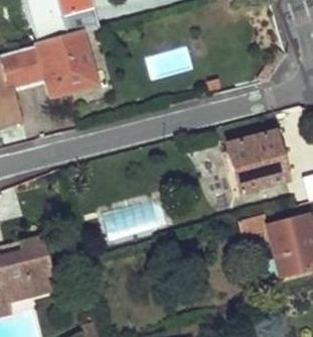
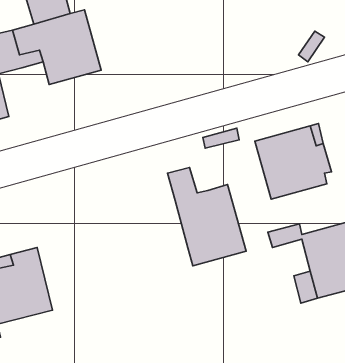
building: none -> [168,168,246,266]

